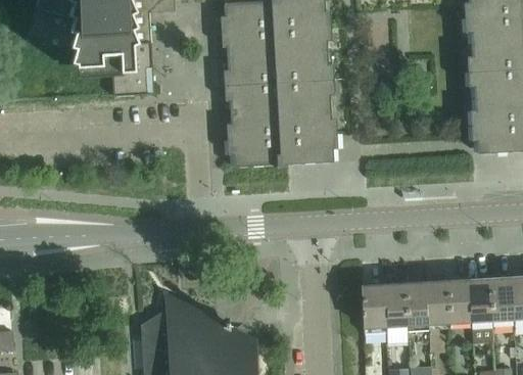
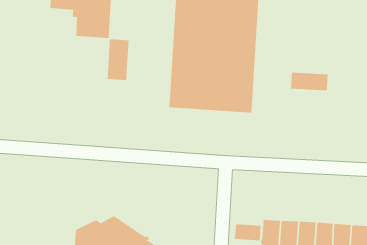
building: none -> [107,39,129,81]
building: none -> [290,72,328,91]
building: none -> [234,224,261,241]

